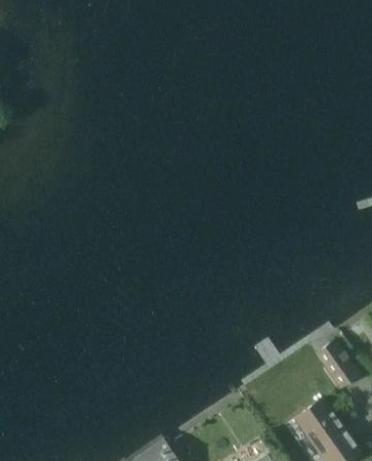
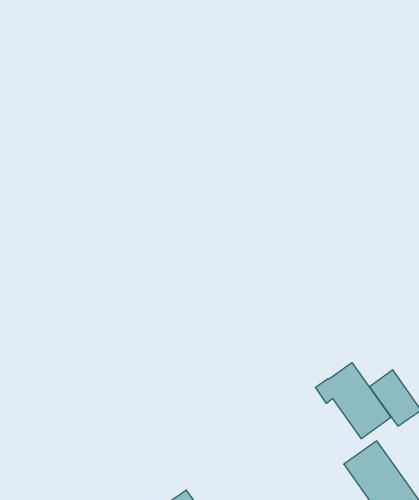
building: none -> [315,363,391,439]

